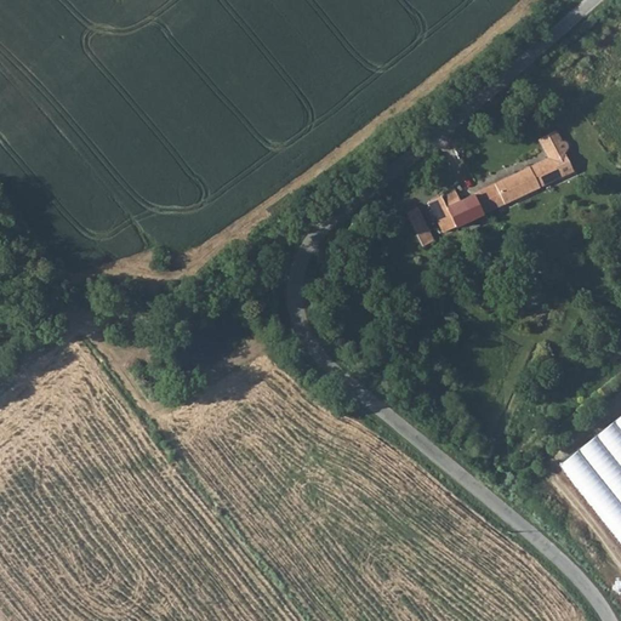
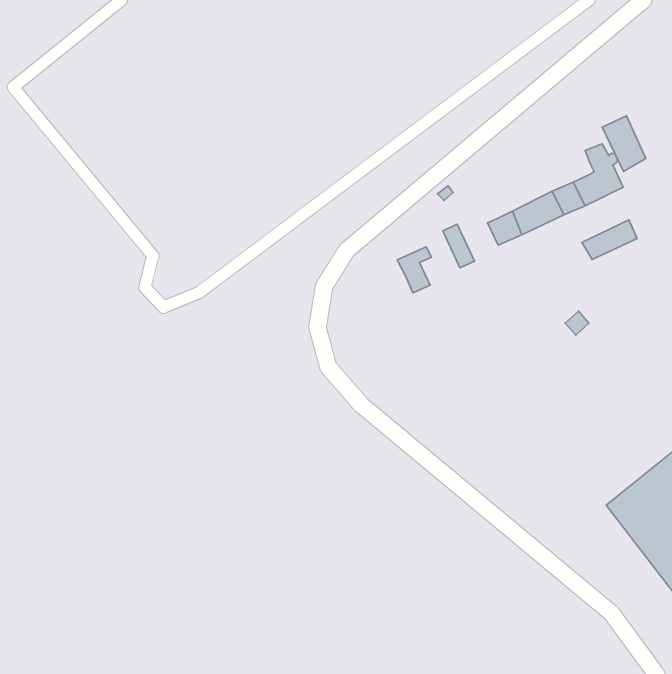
building: none -> [602,116,646,171]
building: [429,190,461,233] -> [397,247,431,293]
building: none -> [582,220,637,259]

